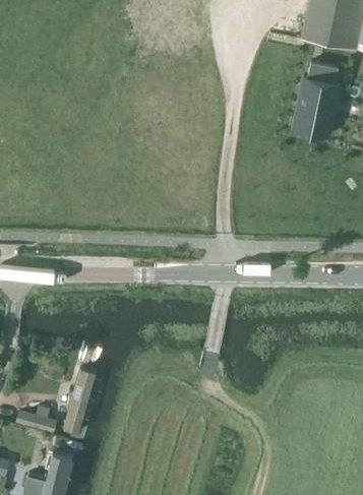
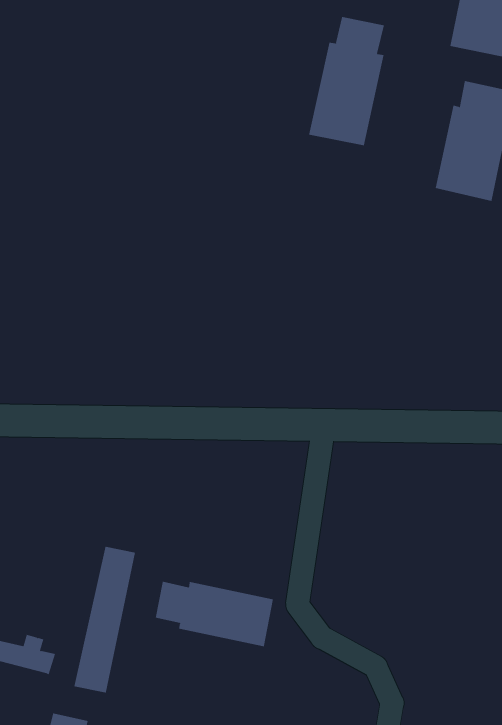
building: none -> [309,16,384,146]
building: none -> [155,581,273,647]

